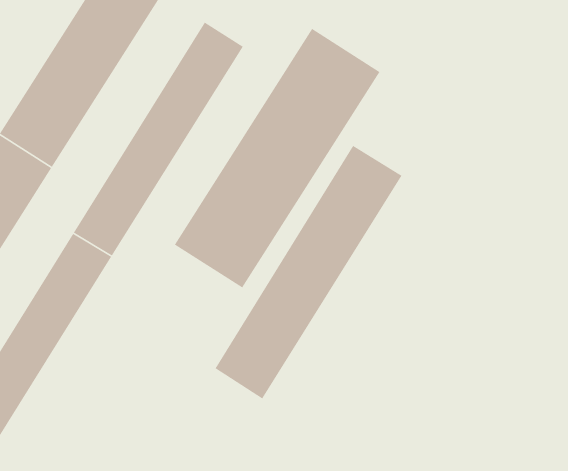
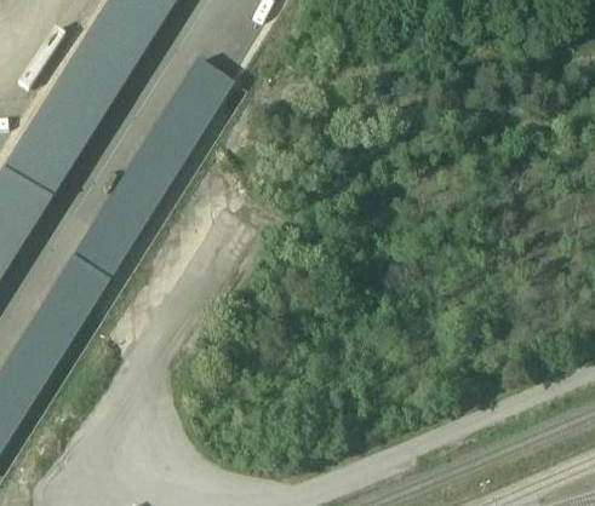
building: [174,28,381,289] -> none
building: [214,145,402,400] -> none

